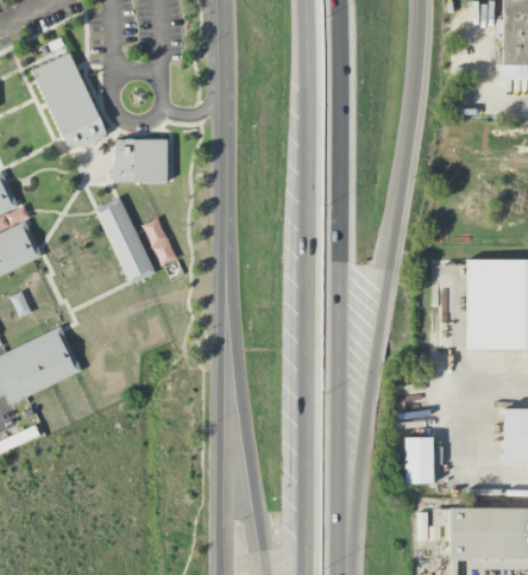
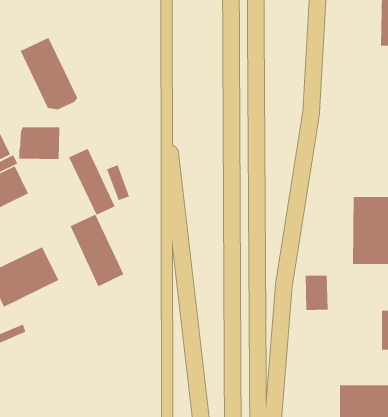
building: [113,139,168,182] -> [18,127,60,160]
building: none -> [70,214,124,287]
building: [403,438,434,485] -> [305,275,328,311]

